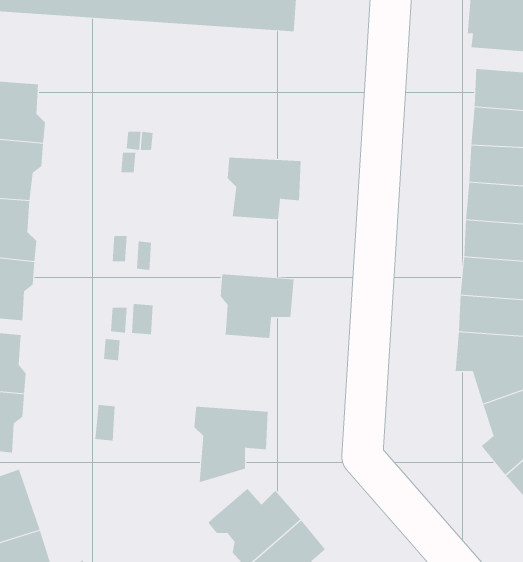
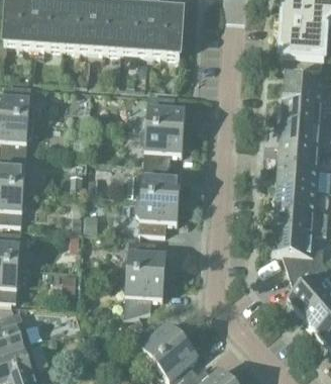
building: none -> [140,94,185,130]
building: none -> [128,163,180,199]
building: none -> [121,238,166,276]

